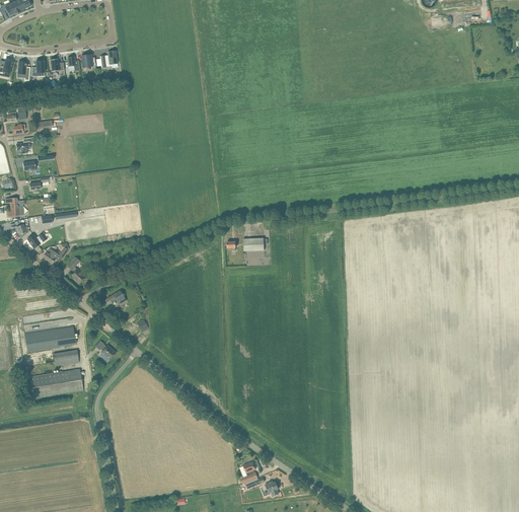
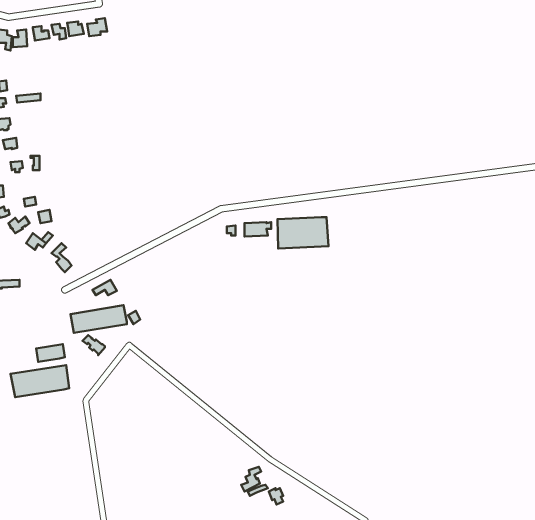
building: none -> [277,217,328,249]
building: [23,325,75,351] -> [70,305,127,333]

